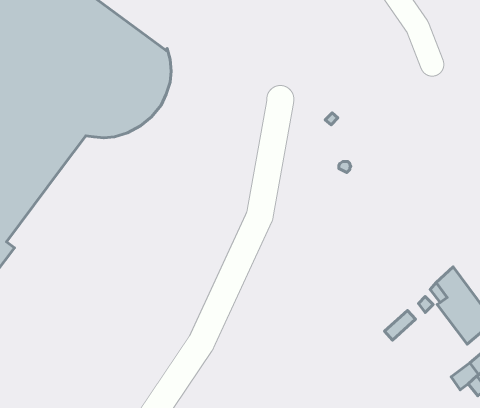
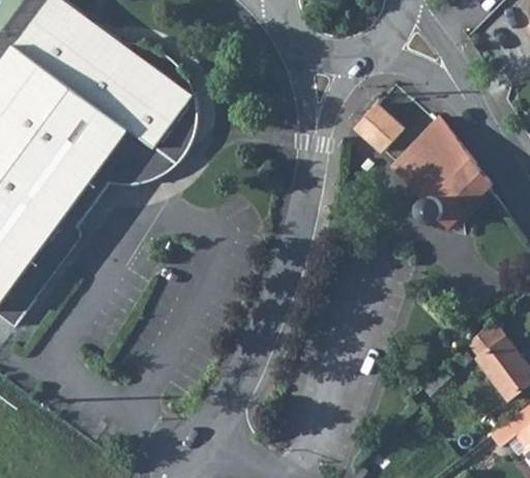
building: none -> [353,103,401,151]
building: none -> [390,117,490,225]

